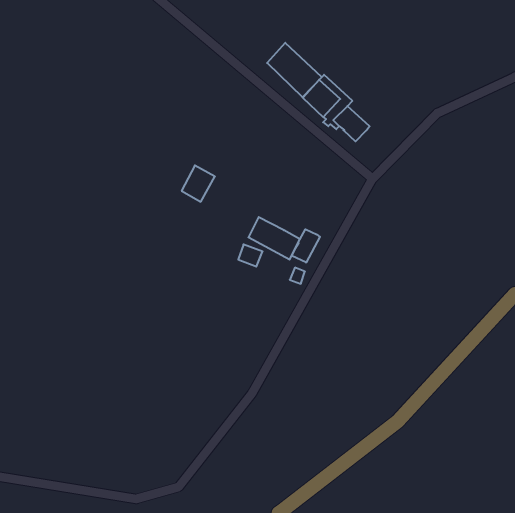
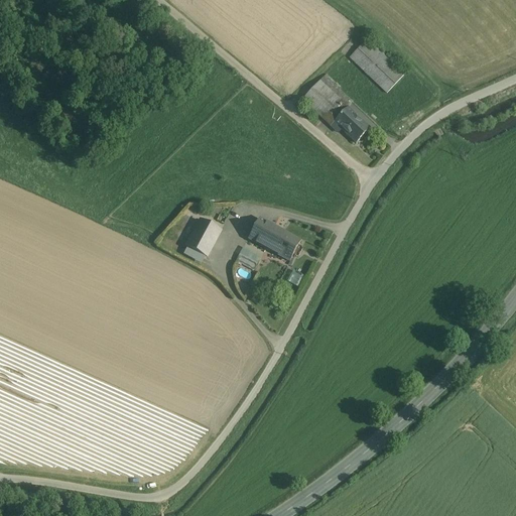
building: [267,43,322,97] -> [350,36,404,91]
building: [182,165,215,202] -> [186,218,220,254]
building: [292,229,320,263] -> none

